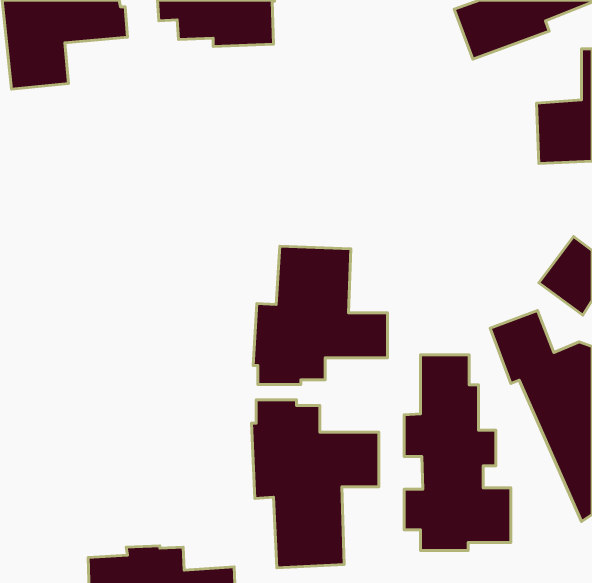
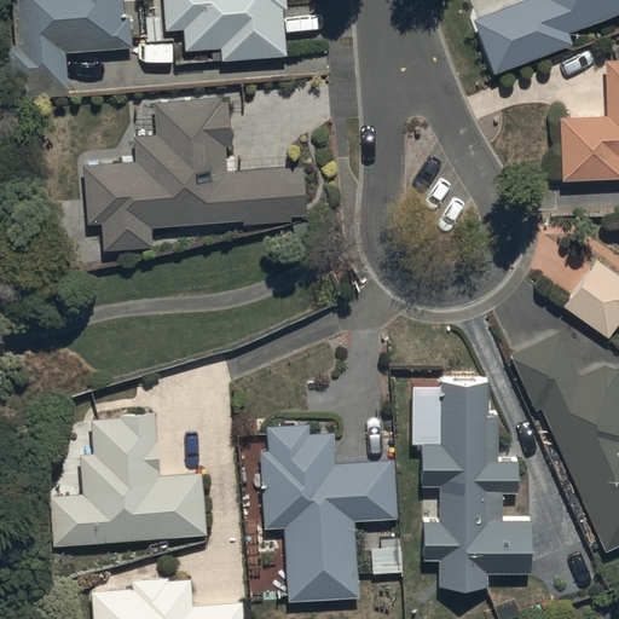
building: none -> [83,102,307,251]
building: [253,246,388,385] -> none
building: none -> [51,413,204,545]

